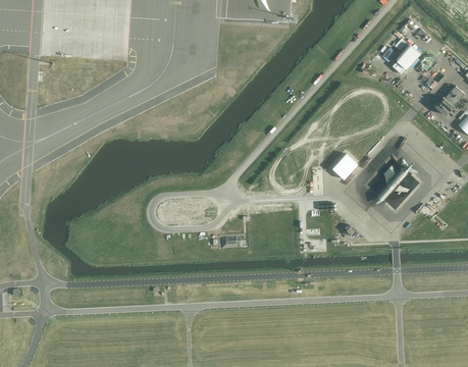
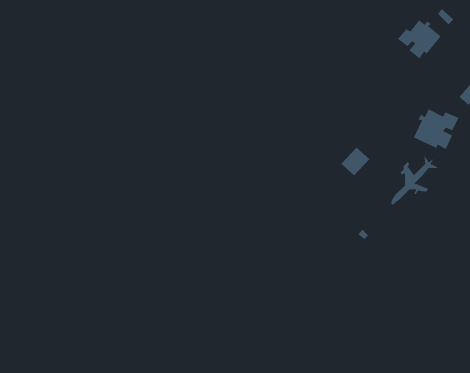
building: none -> [413,109,459,150]

